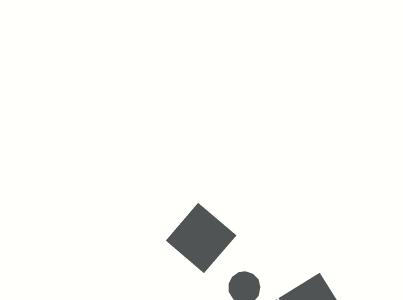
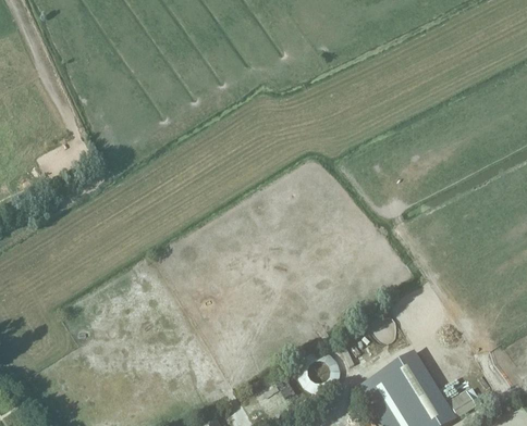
building: [165,202,237,274] -> none

